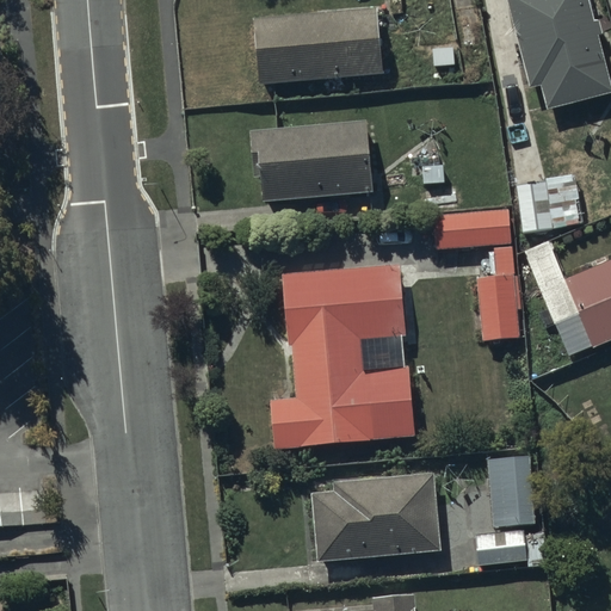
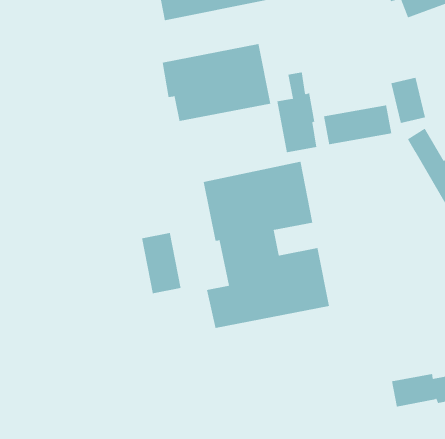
building: [479,249,521,342] -> [276,72,317,153]
building: none -> [141,232,181,294]
building: [488,455,536,527] -> none
building: [311,474,440,561] -> none

